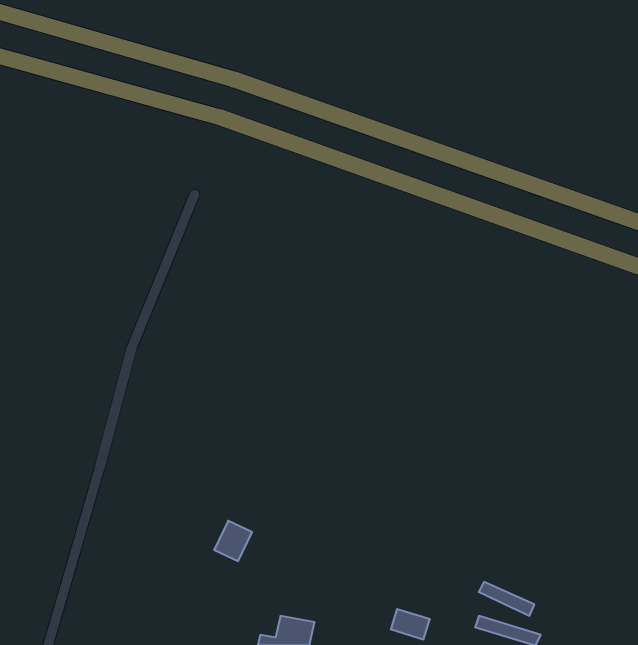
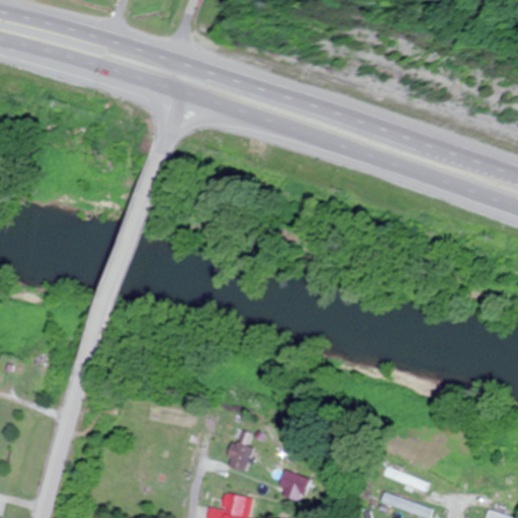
building: [214,521,252,561] -> [224,440,254,472]
building: [391,609,430,639] -> [278,470,310,495]

